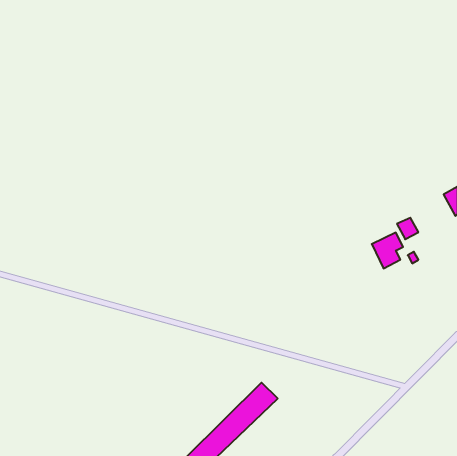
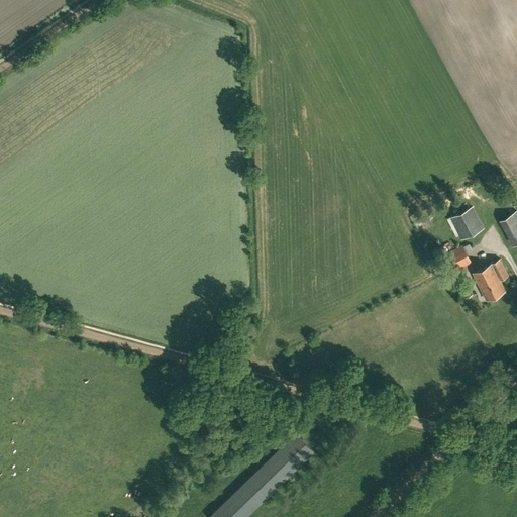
building: none -> [450,208,484,240]
building: [372,233,403,268] -> [474,261,509,301]

